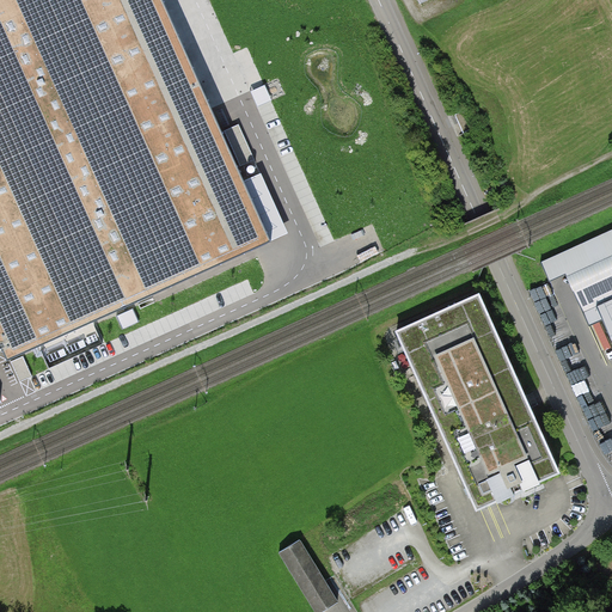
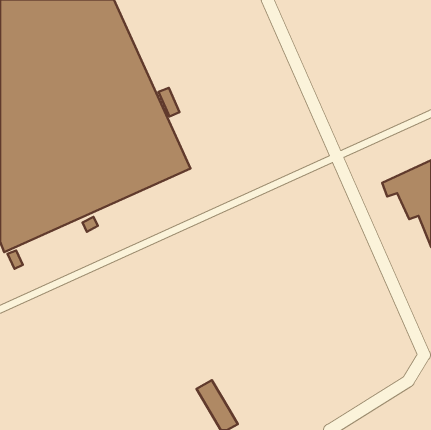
building: [391,293,551,508] -> none

